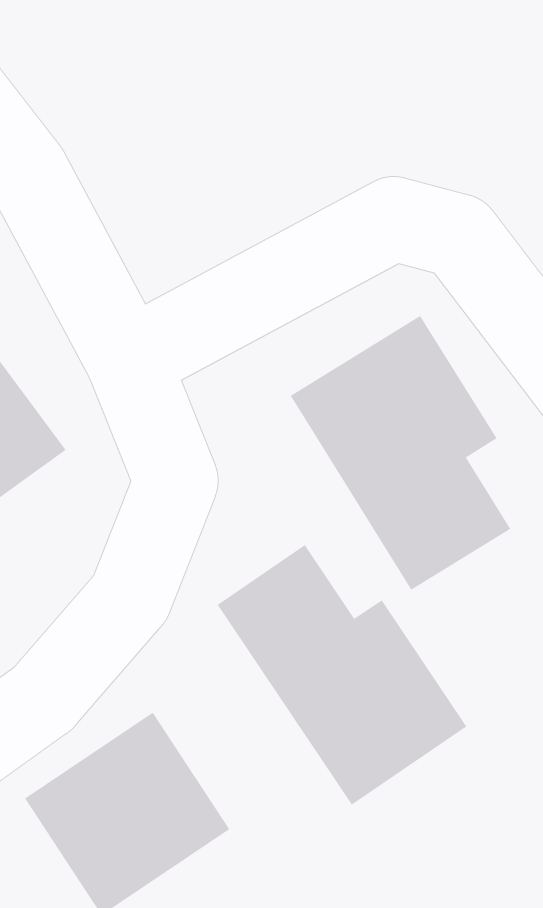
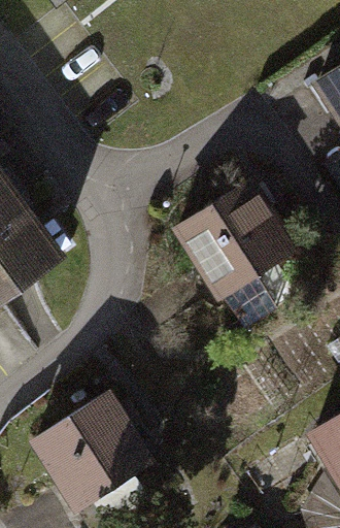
building: [217,544,467,805] -> none

